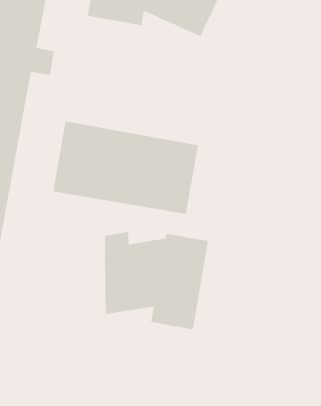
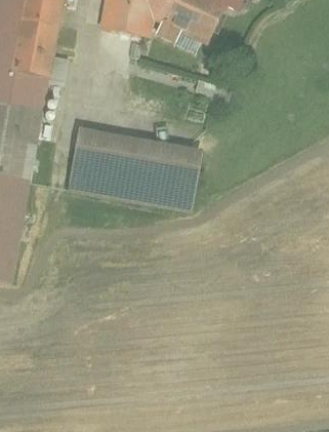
building: [105,230,209,330] -> none

